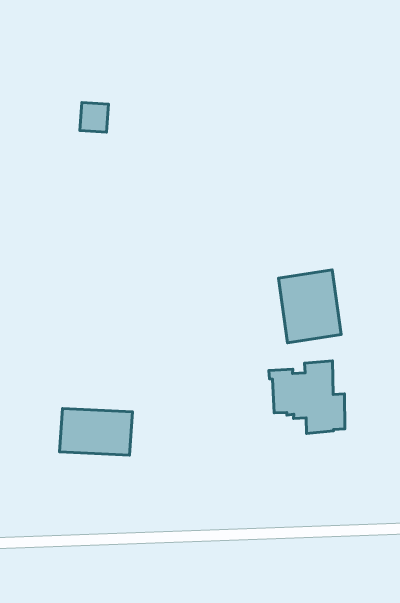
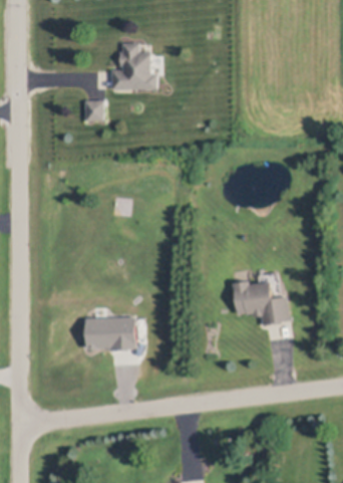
building: none -> [112,42,156,89]
building: [279,270,341,343] -> none

